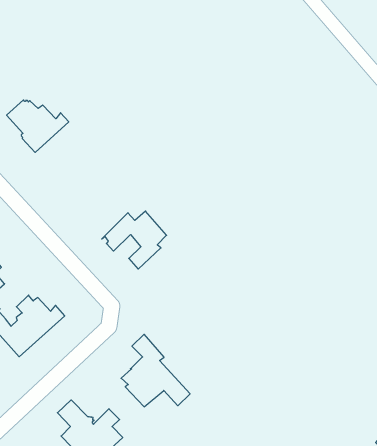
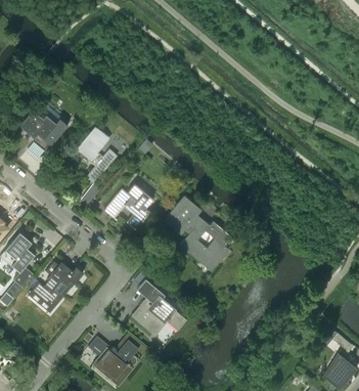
building: none -> [75,126,117,184]
building: none -> [163,196,231,268]

